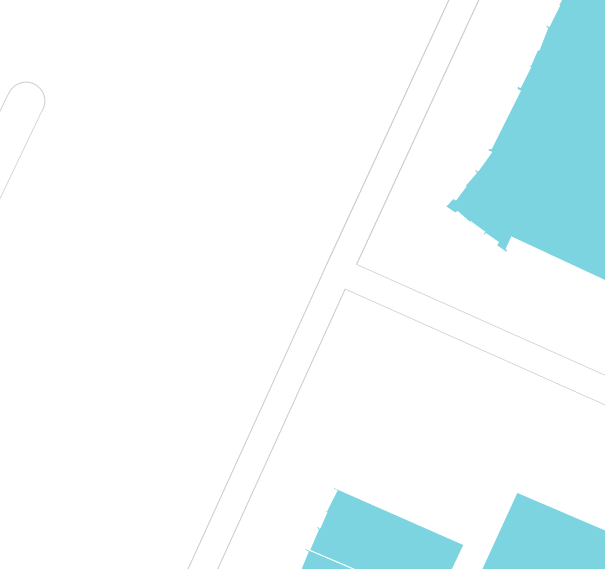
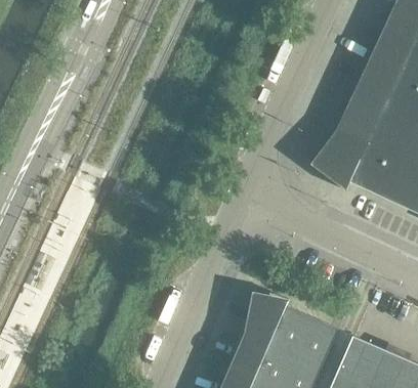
building: none -> [243,293,339,368]

